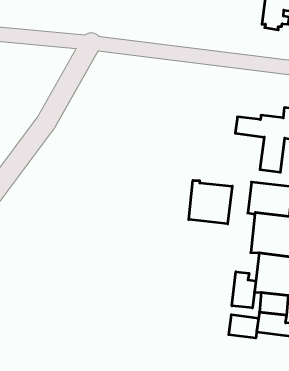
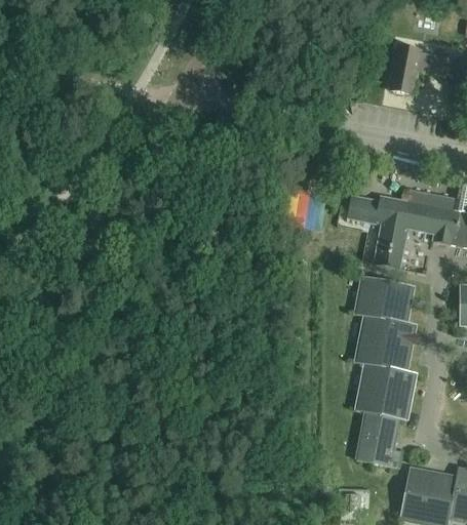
building: [189,180,232,224] -> none
building: [232,272,256,308] -> none
building: [229,315,258,338] -> none

